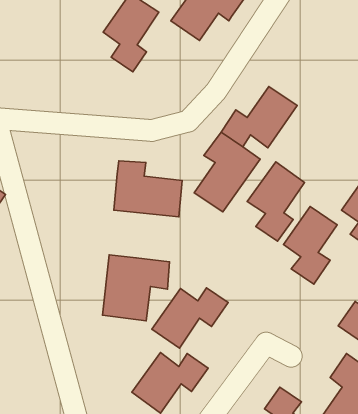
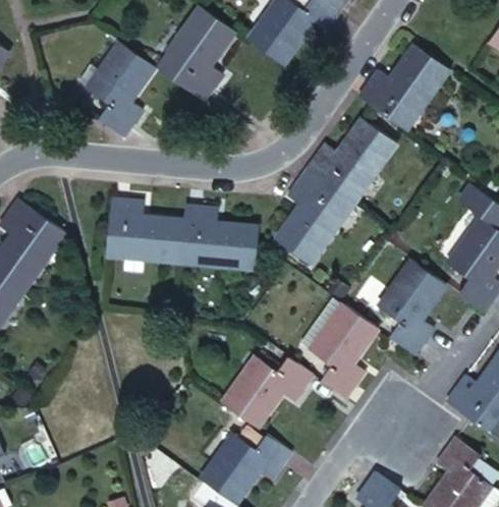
building: none -> [89,43,154,137]
building: none -> [357,48,446,132]
building: none -> [108,198,184,264]
building: [247,162,304,241] -> [312,302,379,396]
building: [103,255,169,321] -> none

